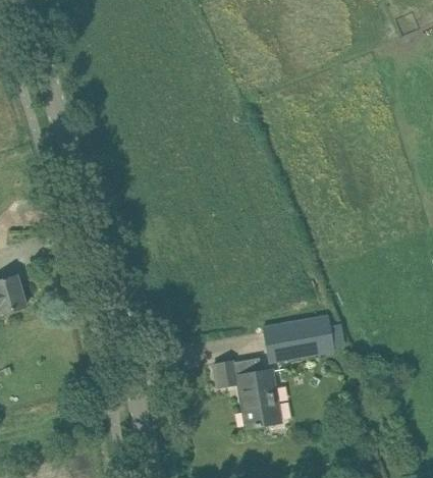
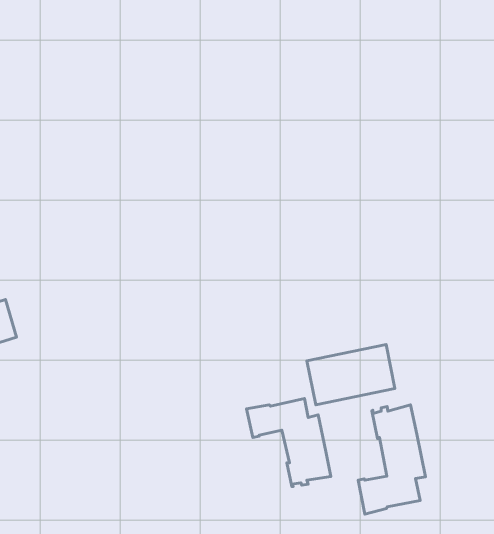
building: none -> [358,405,426,514]

